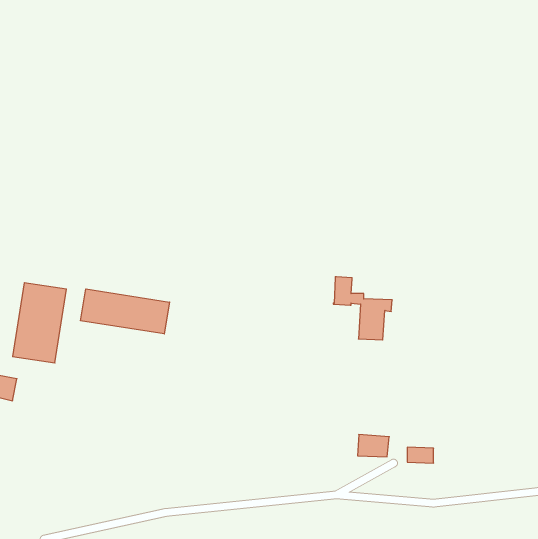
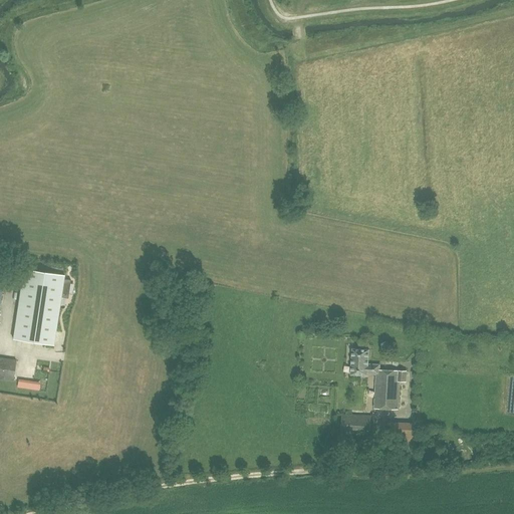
building: [333,277,392,340] -> [349,348,406,409]
building: [81,289,170,334] -> none

